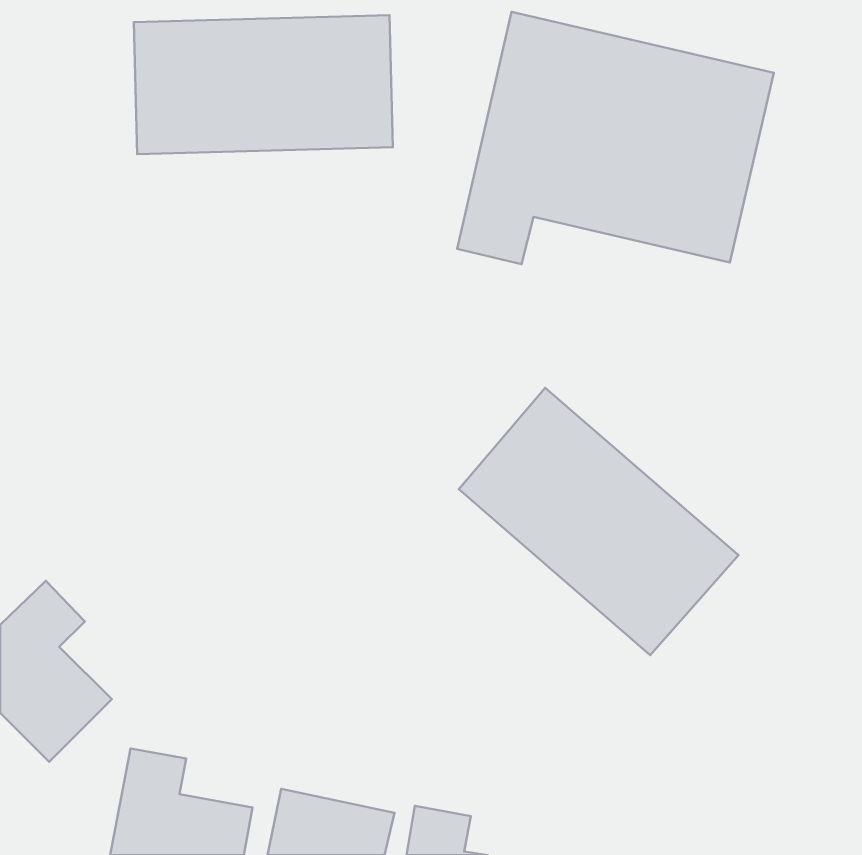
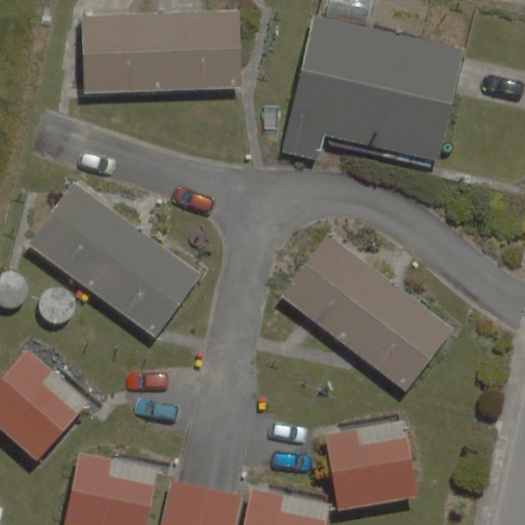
building: none -> [33,184,202,346]
building: none -> [324,429,417,510]

